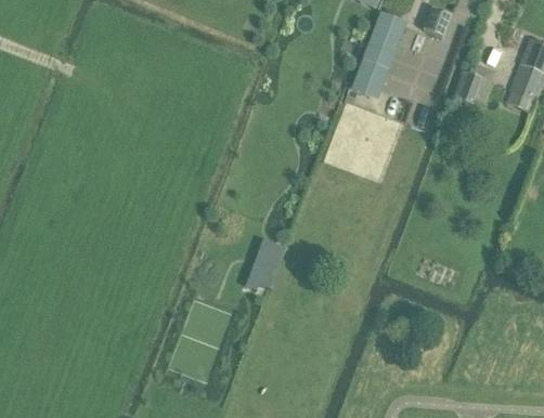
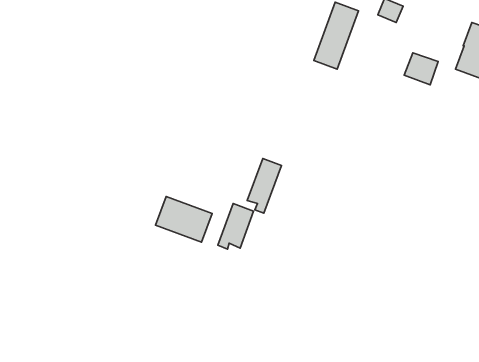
building: none -> [247,159,282,213]
building: none -> [156,196,212,242]

